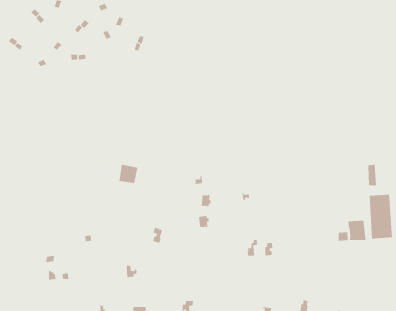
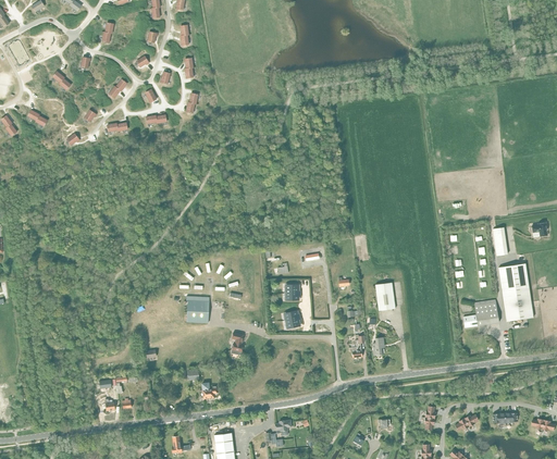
building: [119,164,138,184] -> [185,300,208,323]
building: none -> [374,283,395,311]

